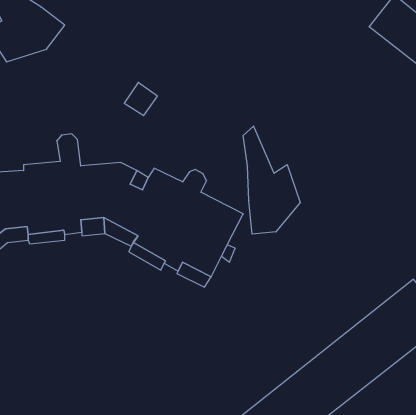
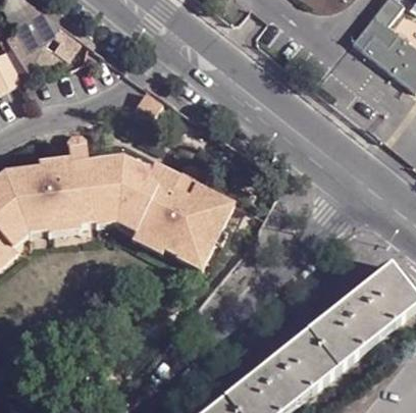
building: [243,126,300,234] -> none

